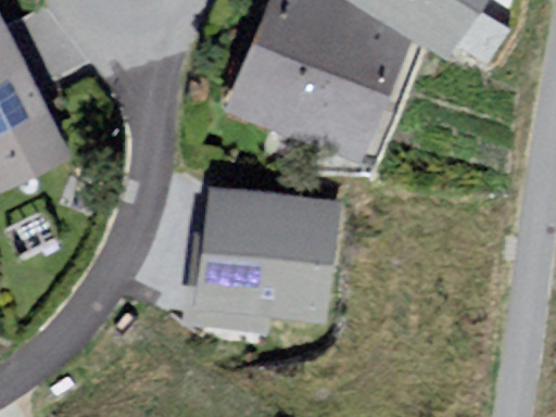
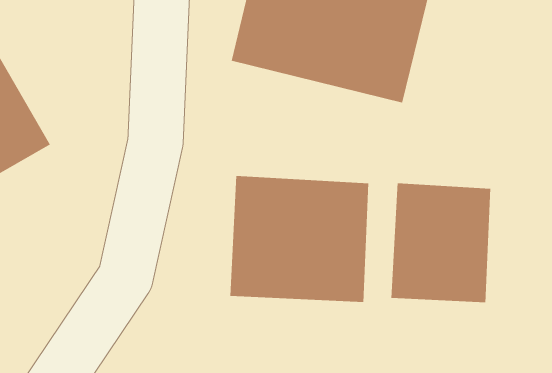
building: none -> [391,182,491,303]

